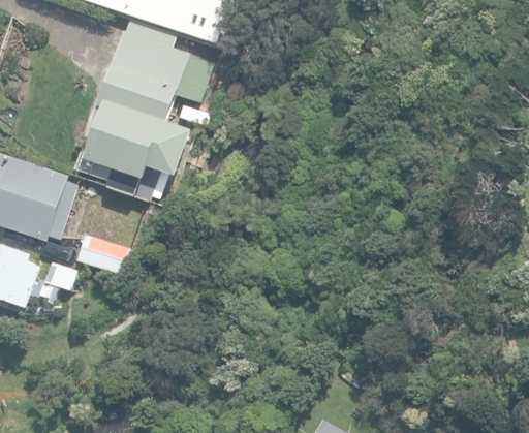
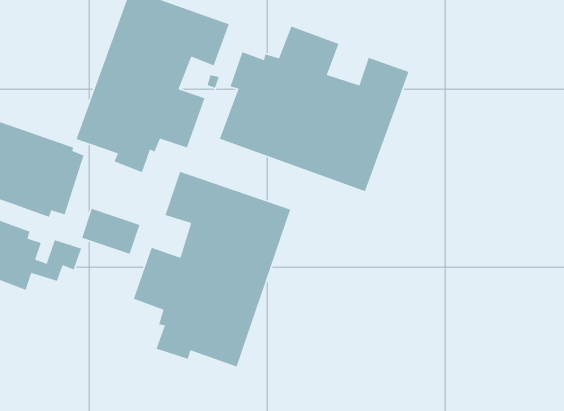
building: none -> [219,25,410,192]
building: none -> [133,171,291,368]

